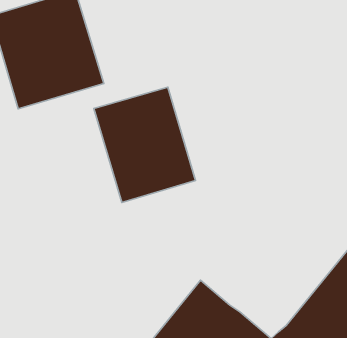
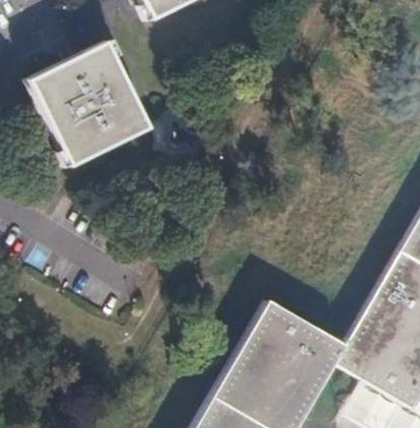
building: [94,87,195,203] -> none

